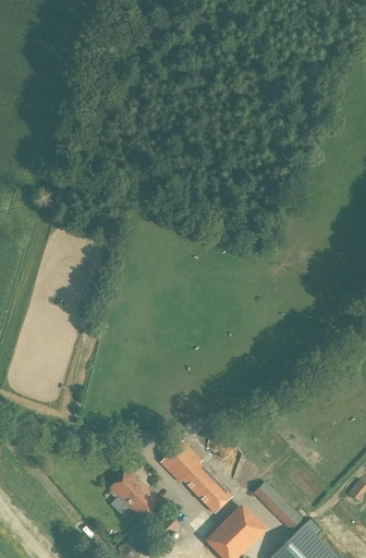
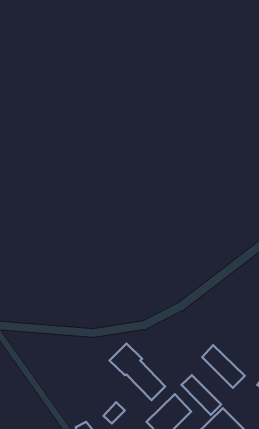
building: none -> [202,345,245,388]
building: [111,471,160,519] -> none

